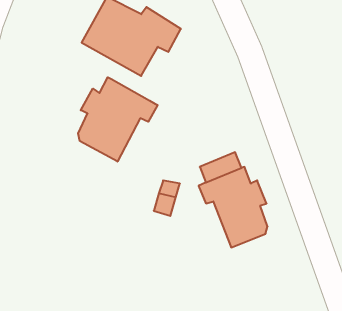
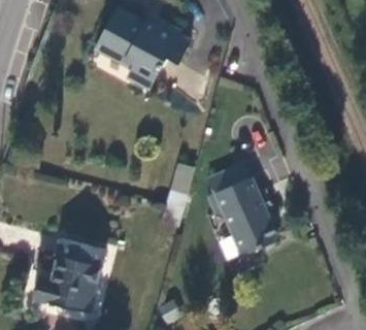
building: [78,77,158,162] -> none
building: none -> [35,239,103,309]

